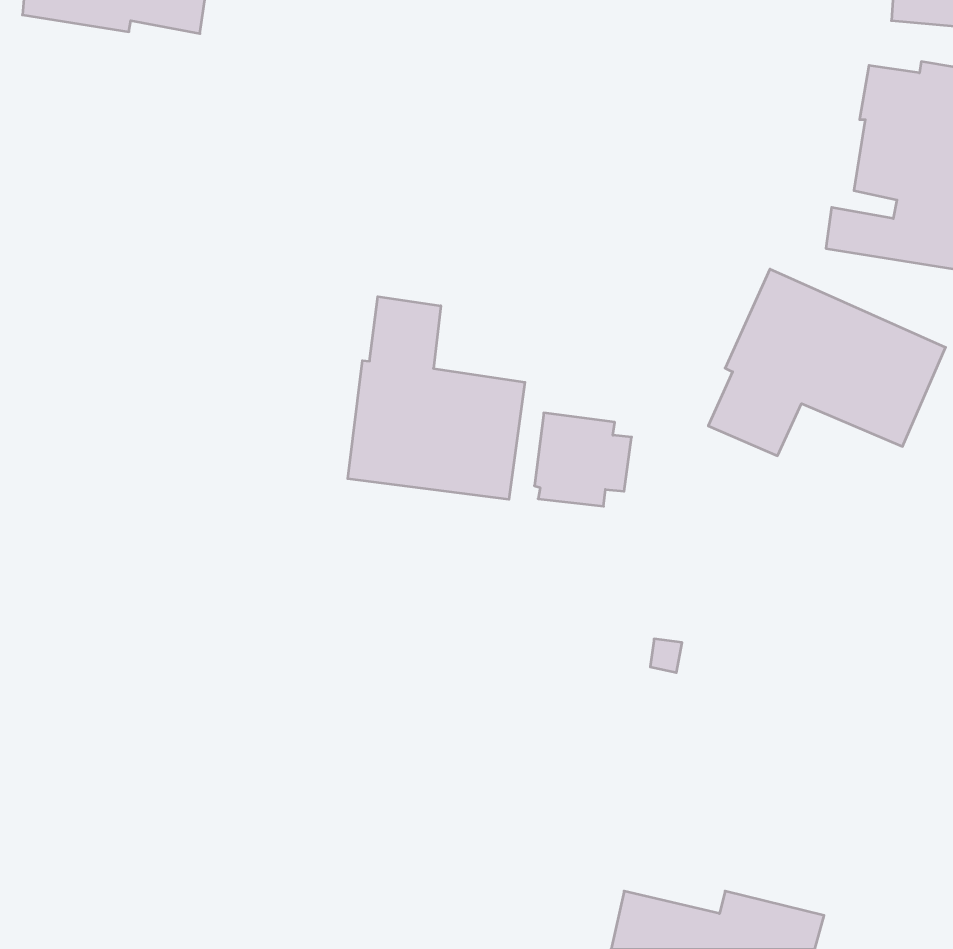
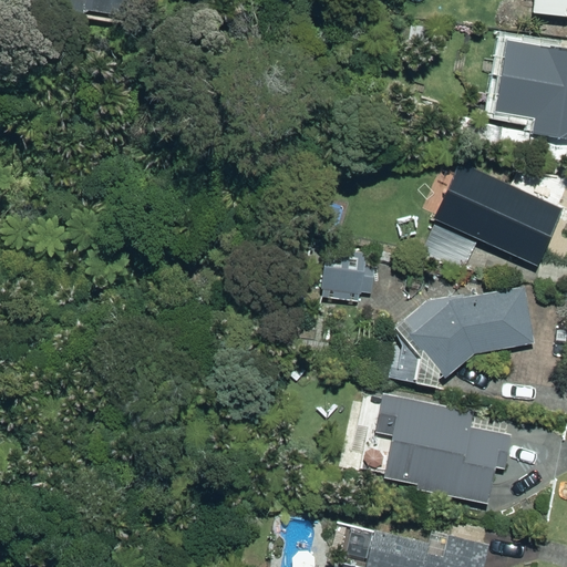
building: [348,297,525,499] -> none
building: none -> [408,285,533,377]
building: none -> [380,403,502,511]

